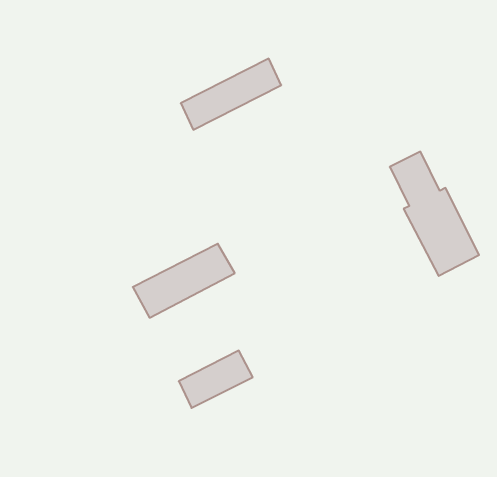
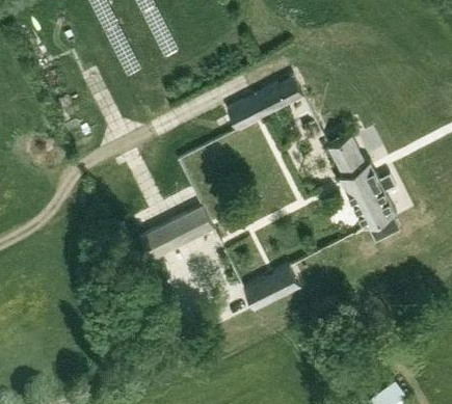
building: [181,59,281,130] -> [228,77,302,130]
building: [179,351,253,408] -> [244,267,299,309]

